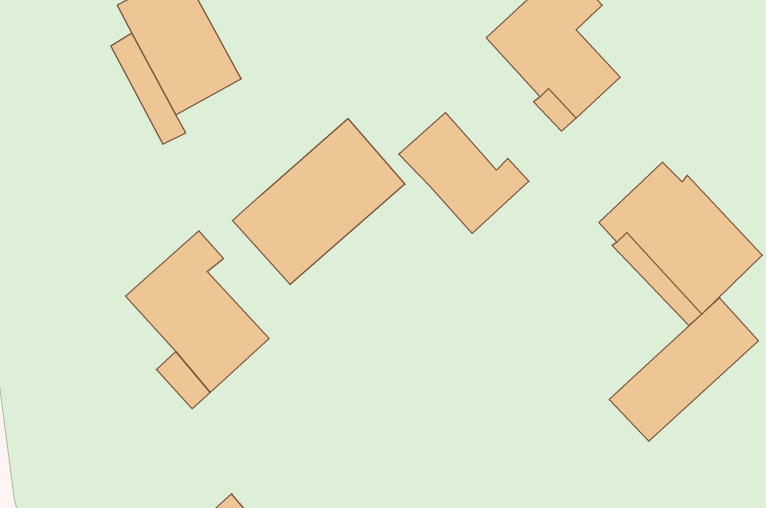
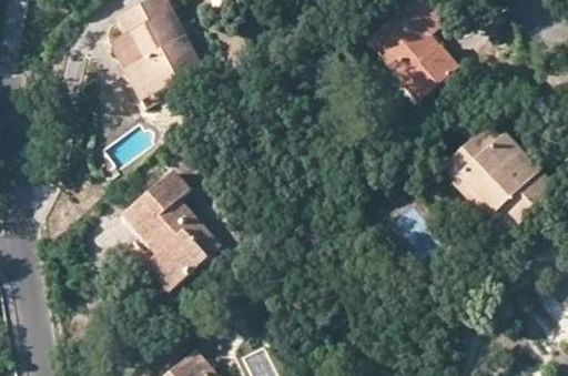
building: [399,113,529,233] -> none
building: [232,119,405,285] -> none
building: [609,298,758,441] -> none

